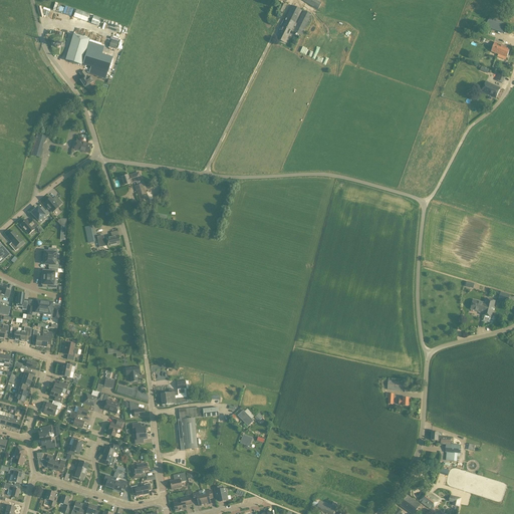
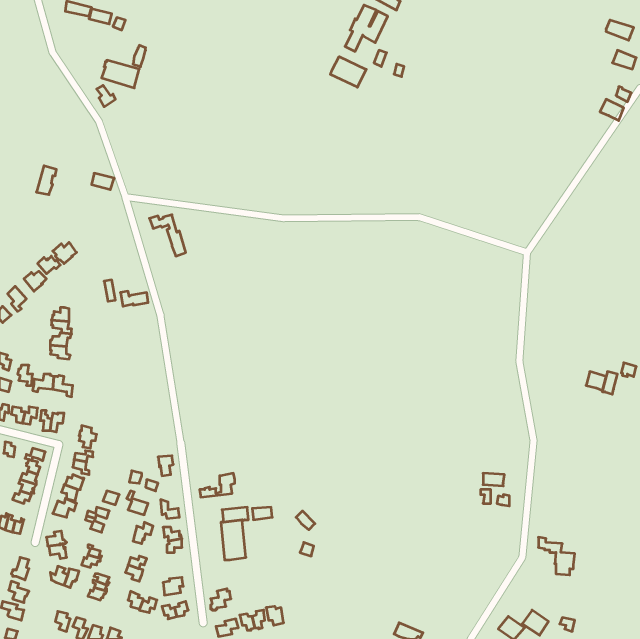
building: [64,32,88,63] -> none
building: none -> [330,57,366,87]

